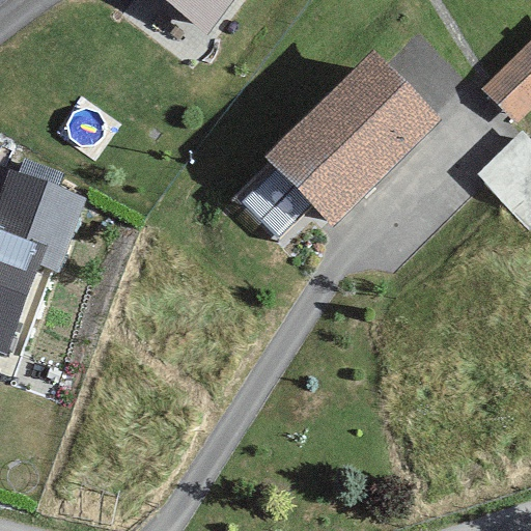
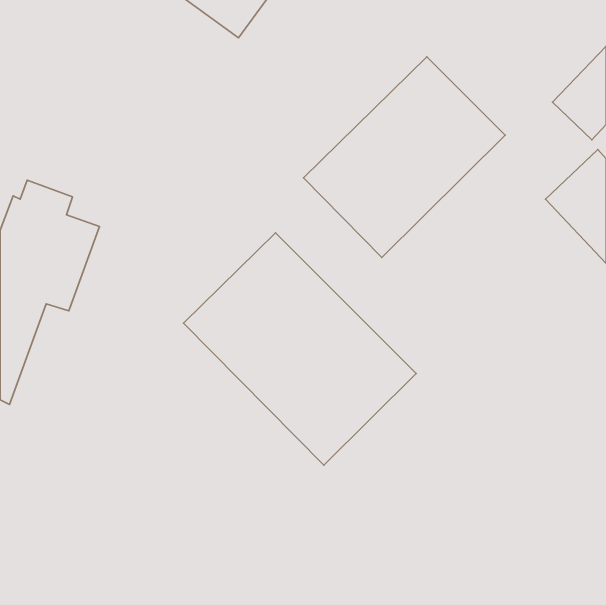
building: none -> [183,233,416,465]

